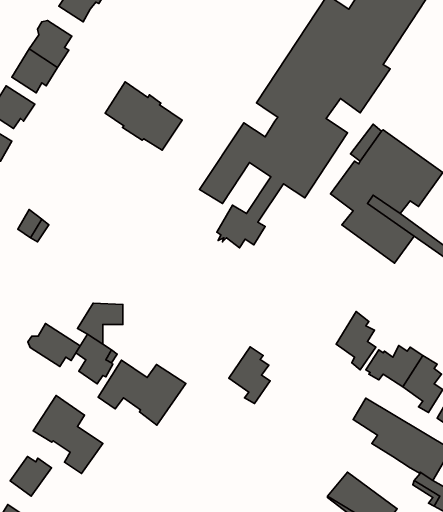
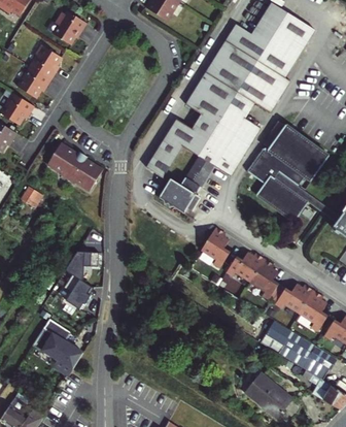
building: [105,82,182,150] -> [47,140,103,190]
building: none -> [227,251,266,281]
building: [28,324,80,366] -> none
building: [229,347,270,404] -> [202,226,232,267]
building: [98,360,186,425] -> none
building: [10,457,52,496] -> none

